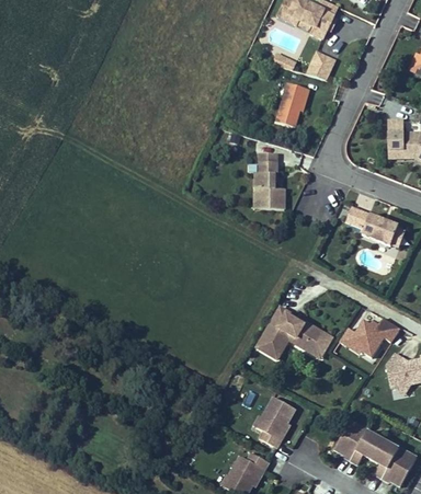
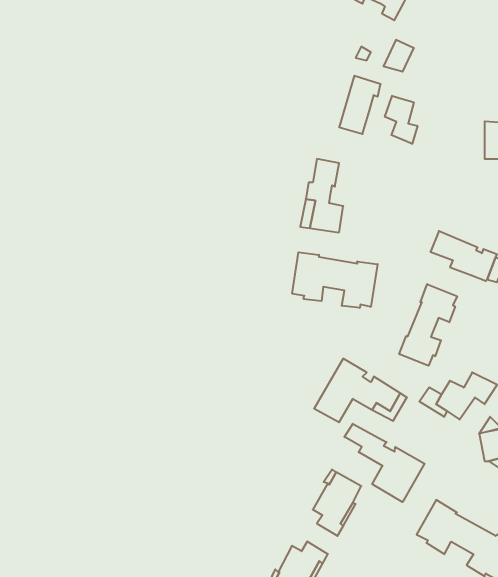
building: none -> [385,96,417,144]
building: none -> [292,252,378,308]
building: none -> [399,284,457,366]
building: none -> [344,424,425,502]

